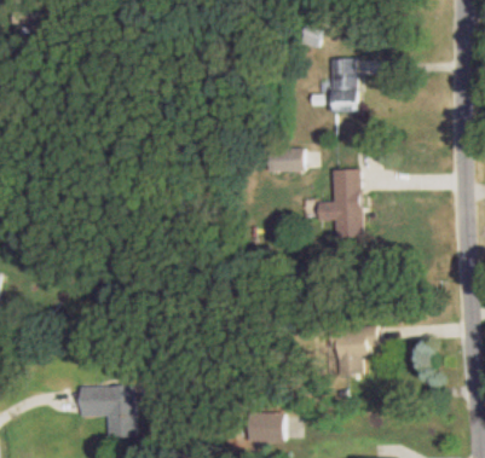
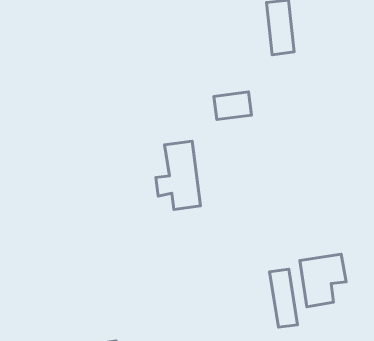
building: [318,169,360,237] -> [156,141,201,209]
building: none -> [270,269,298,327]

